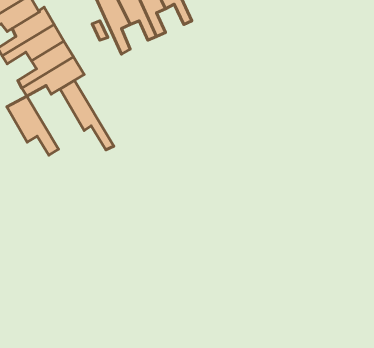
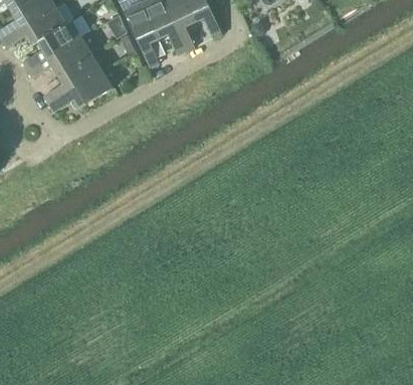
building: [60,80,114,150] -> none
building: [7,96,59,155] -> none

